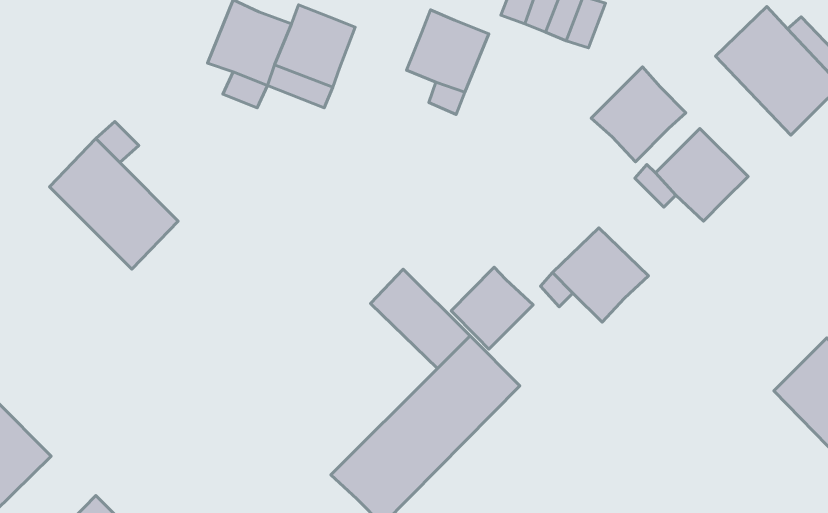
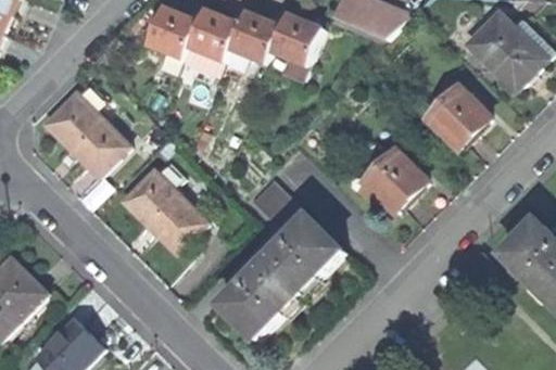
building: none -> [228,11,280,64]
building: [591,67,686,162] -> none
building: none -> [122,170,203,251]
building: [451,267,533,349] -> none

